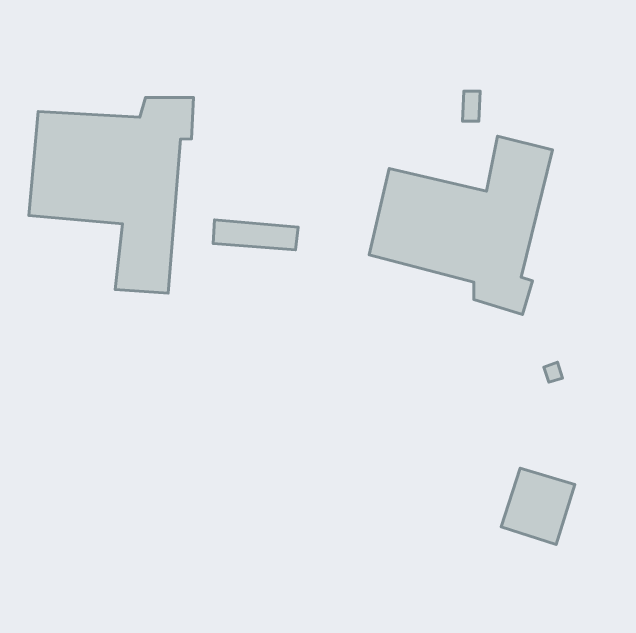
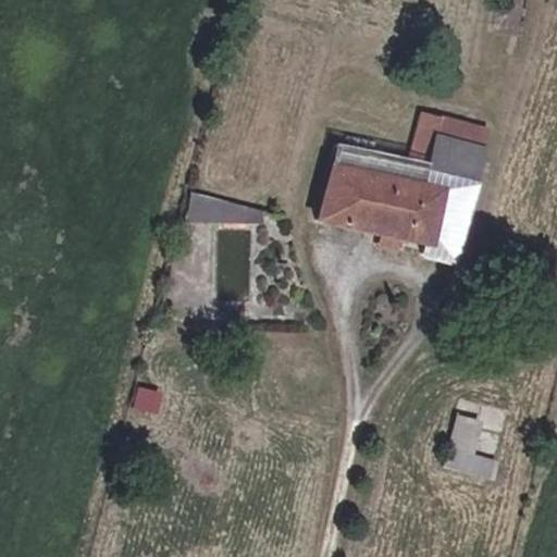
building: [29,97,193,293] -> none

